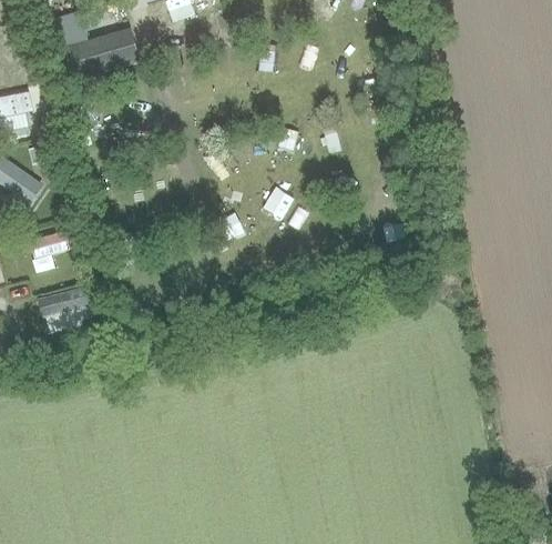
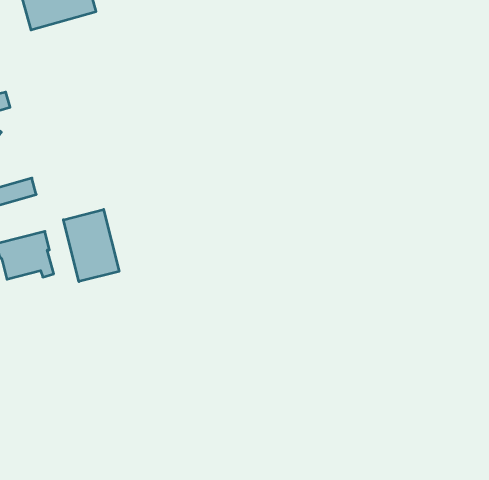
building: none -> [63,209,119,282]

